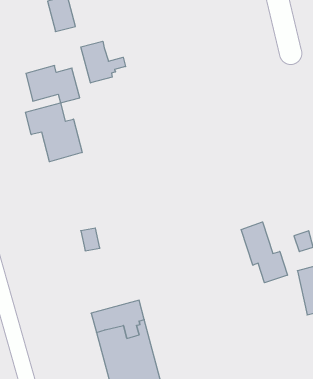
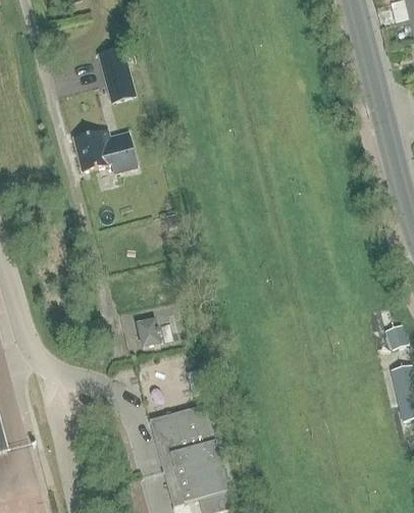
building: [81,41,126,83] -> none
building: [26,103,82,162] -> none
building: [241,222,287,283] -> none

